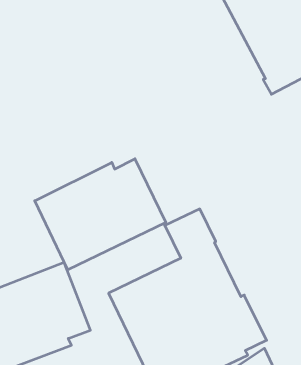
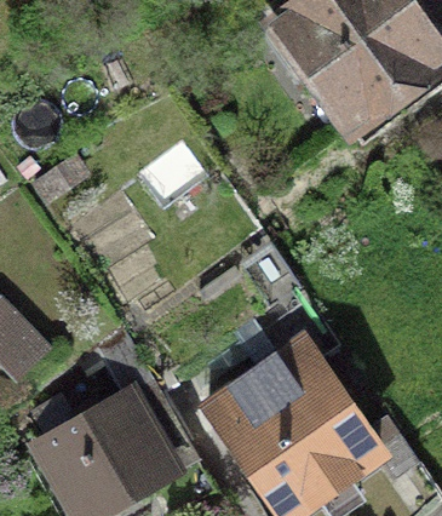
building: [35,159,166,270] -> none

